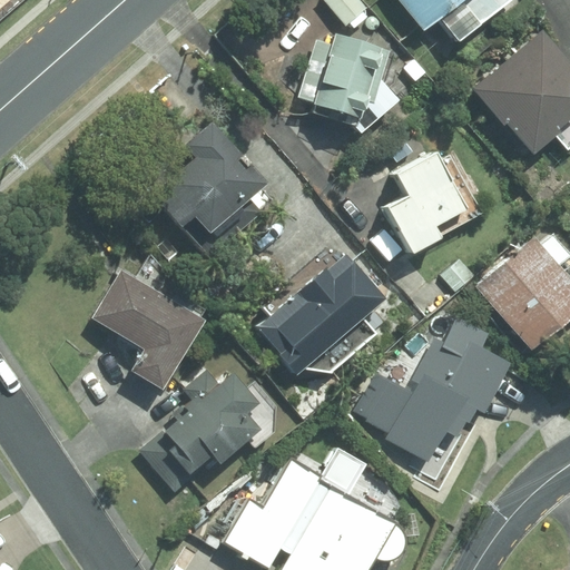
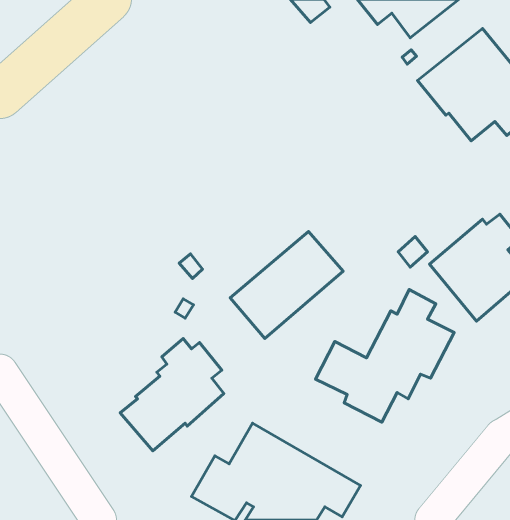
building: [317,33,400,132] -> none
building: [154,122,275,255] -> none
building: [386,154,465,254] -> none
building: [91,272,200,389] -> none

